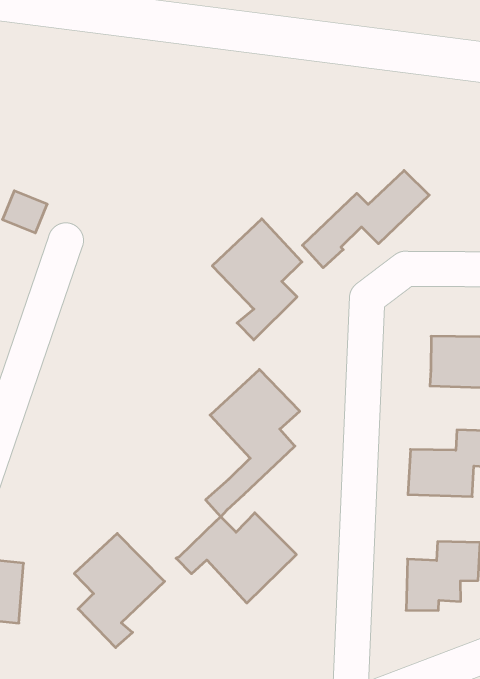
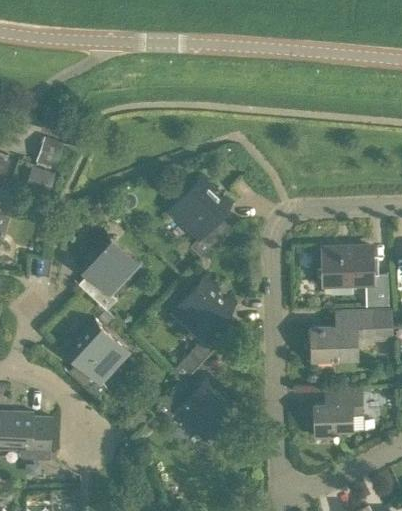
building: none -> [36,137,63,168]
building: [302,170,429,268] -> none
building: none -> [76,234,137,311]
building: [74,533,165,648] -> [65,320,127,398]

